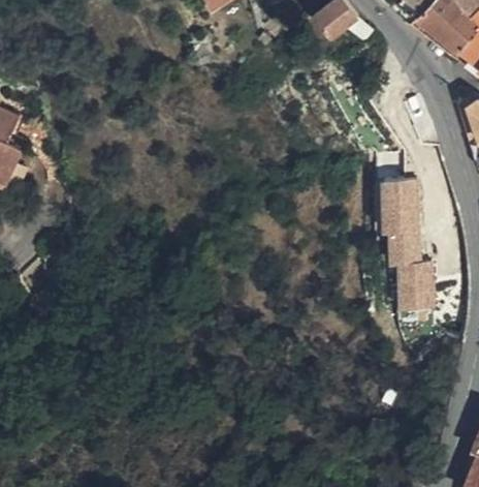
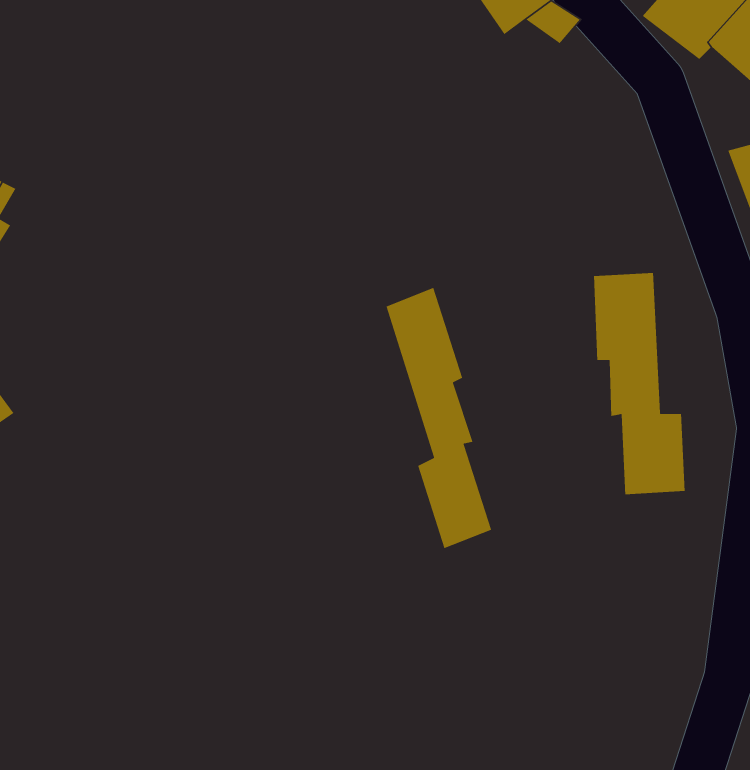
building: none -> [386,287,492,549]

